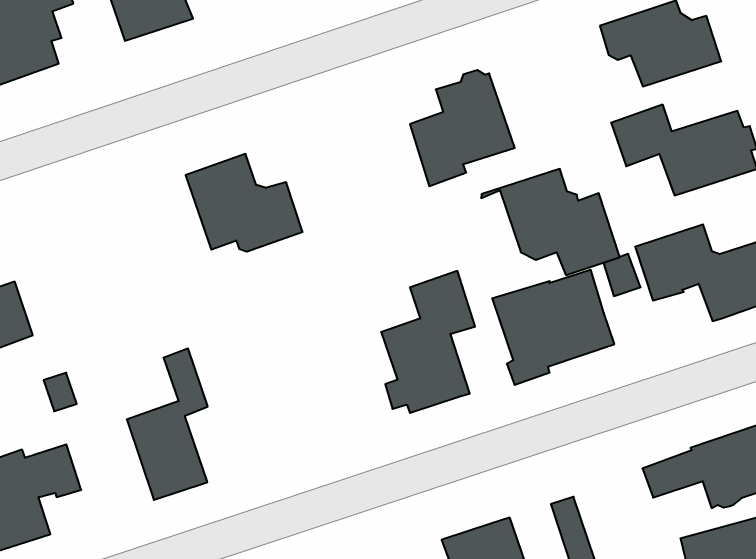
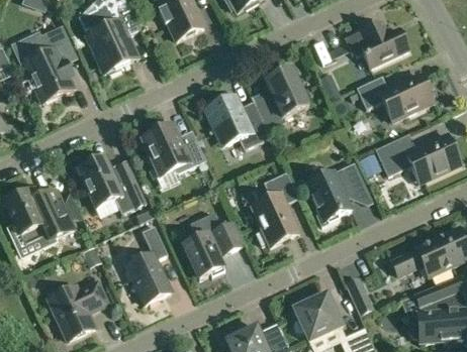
building: [481,169,620,275] -> [196,95,270,148]
building: none -> [77,154,146,213]
building: none -> [183,212,242,278]

